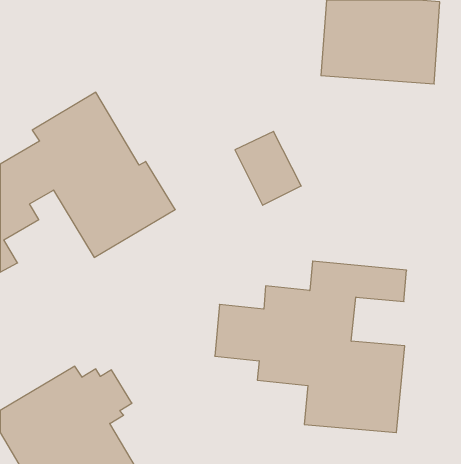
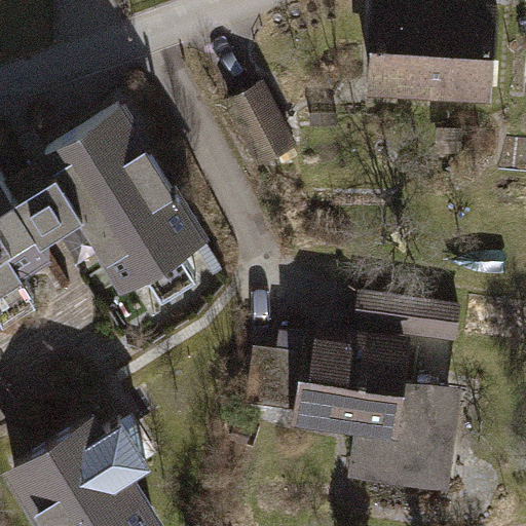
building: [235,131,301,205] -> [225,91,299,174]

